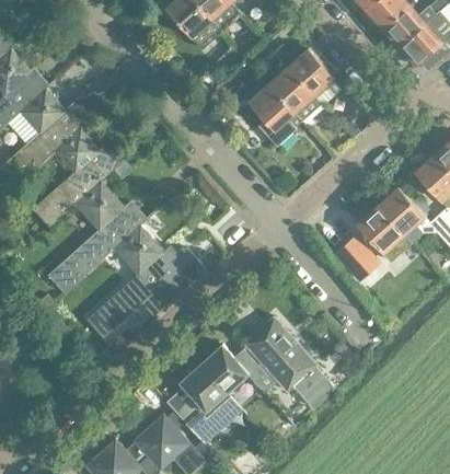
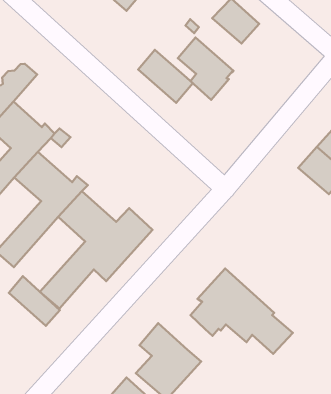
building: [268,66,321,120] -> [138,50,193,103]
building: [335,236,379,280] -> none
building: none -> [9,276,60,326]
building: [200,344,246,392] -> none

